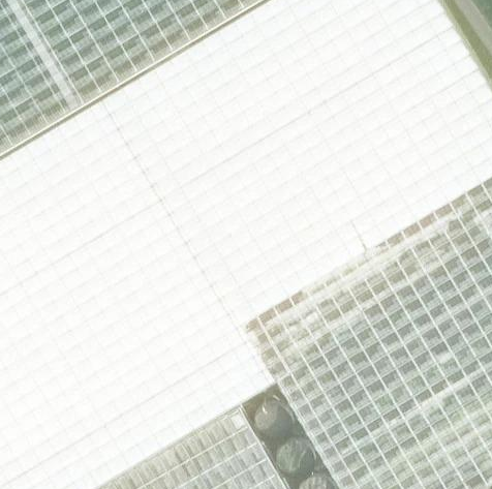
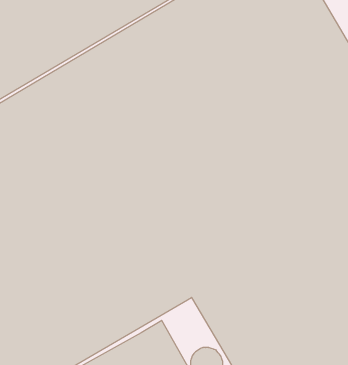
building: [253,401,294,441] -> none

